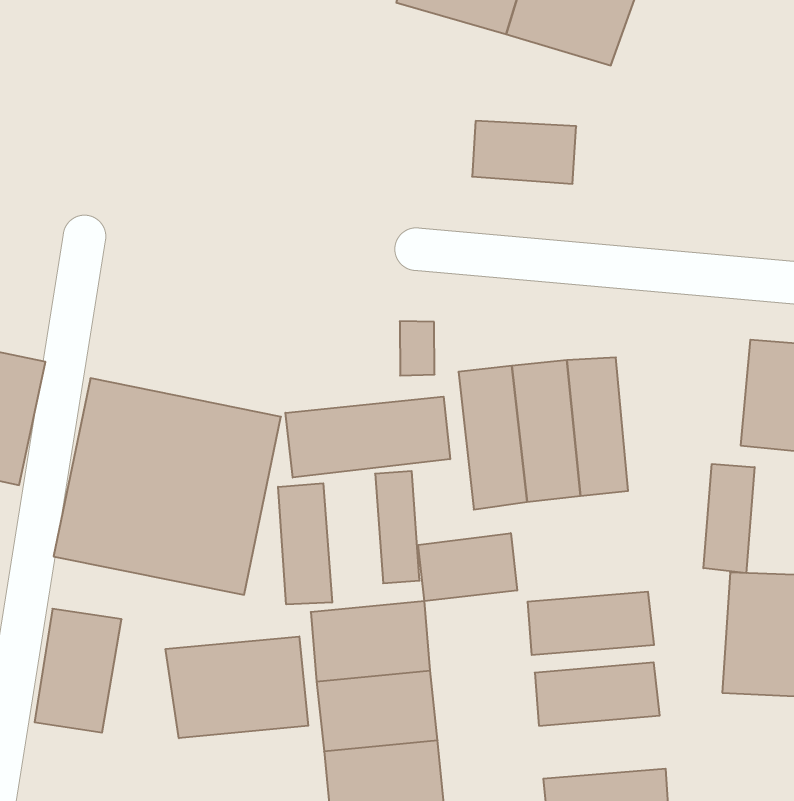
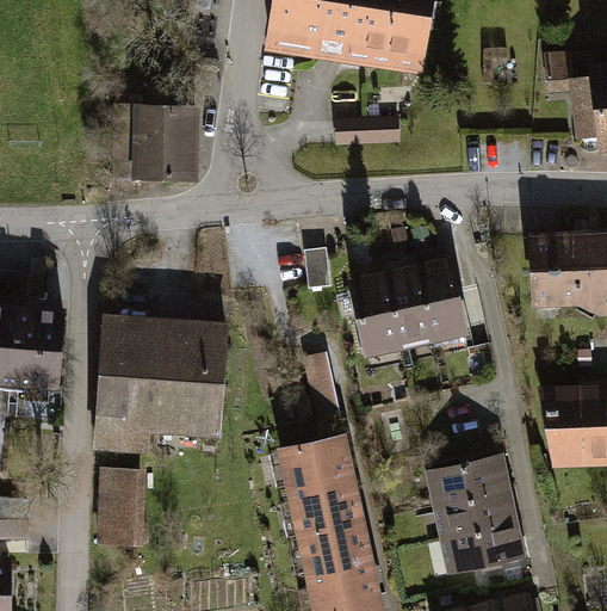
building: none -> [128,104,205,185]
building: [285,397,450,478] -> none
building: [703,464,755,573] -> none
building: [278,483,332,604] -> none
building: [418,533,517,601] -> none
building: [527,592,654,655] -> [429,489,516,541]
building: [166,636,308,738] -> none

